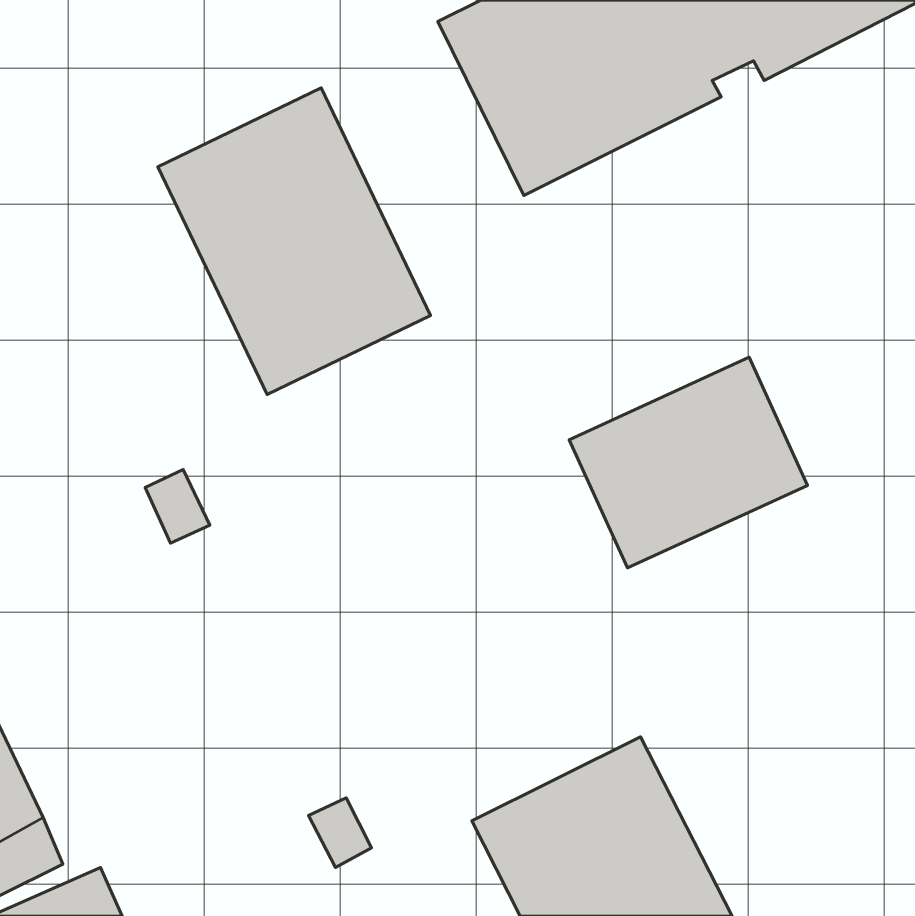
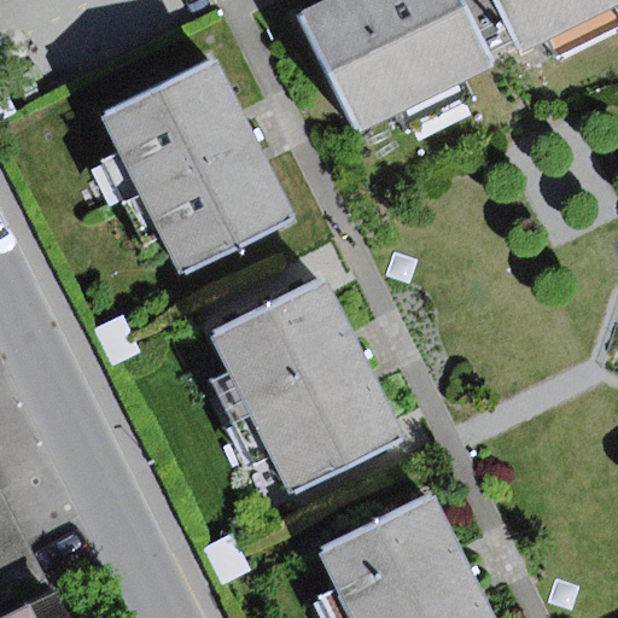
building: [569,357,807,568] -> none
building: none -> [212,280,401,491]

